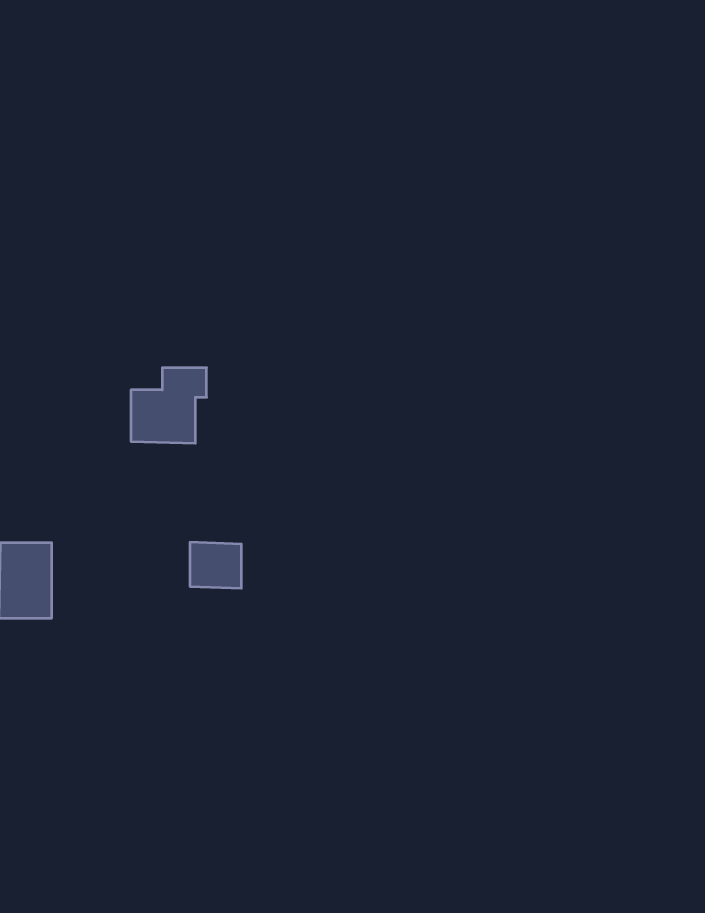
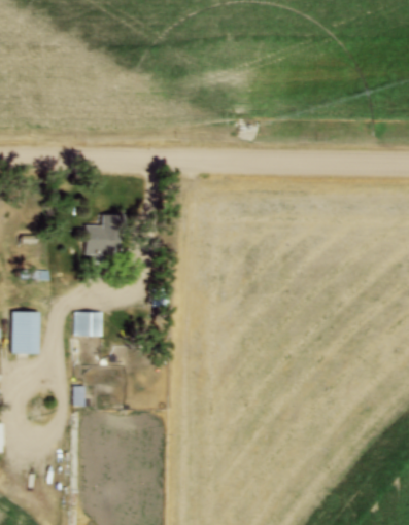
building: [190,542,241,588] -> [74,312,103,338]

